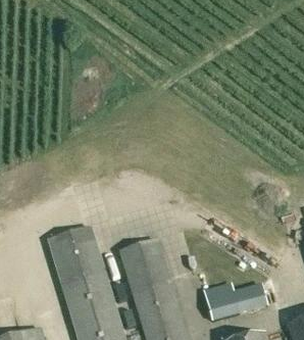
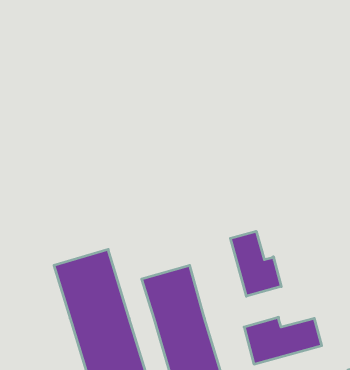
building: none -> [230,231,281,296]

